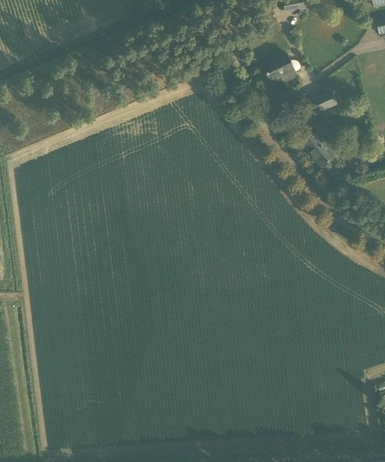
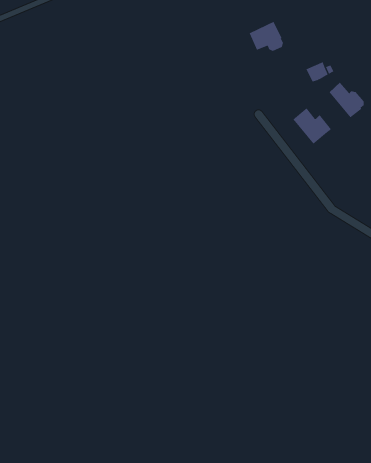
building: none -> [329,82,364,118]

